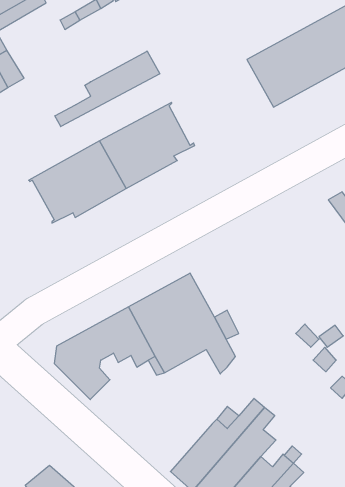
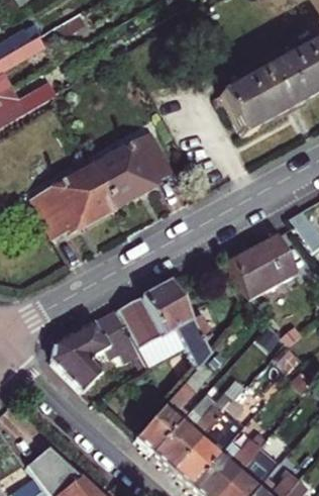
building: [55,51,160,127] -> none
building: none -> [230,233,299,297]
building: none -> [137,361,212,452]

